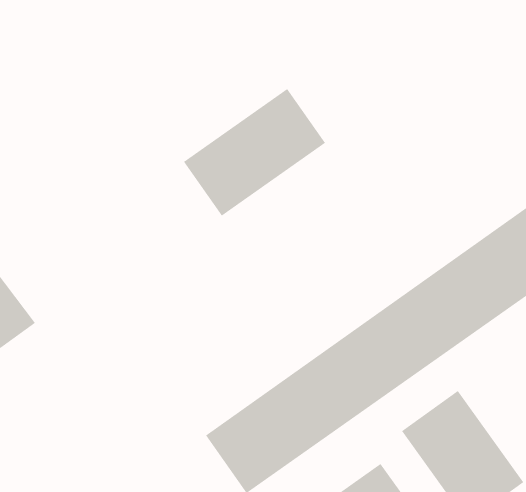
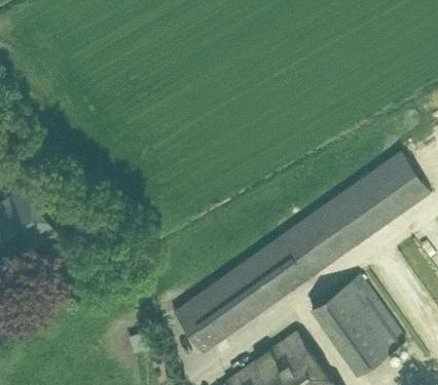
building: [183,88,326,217] -> none

